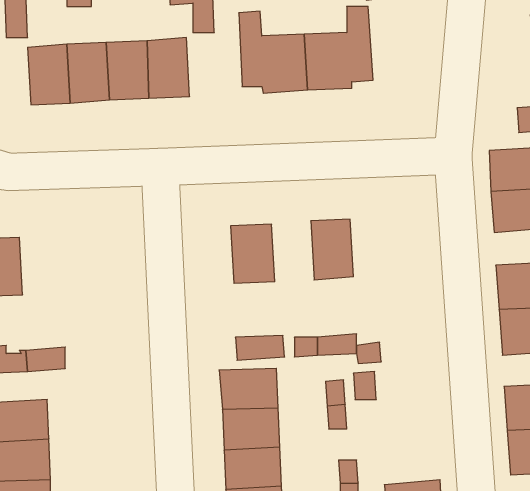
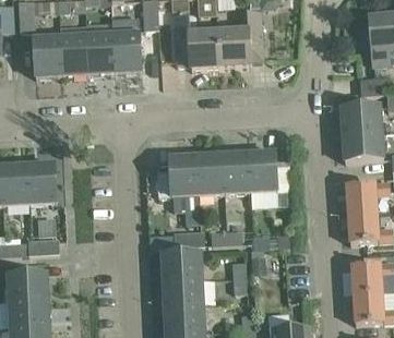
building: none -> [248,152,276,191]
building: none -> [195,154,224,194]
building: none -> [27,162,56,203]

